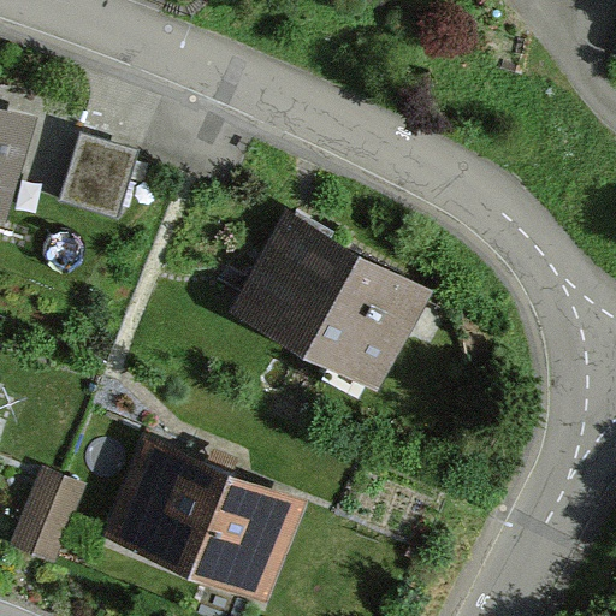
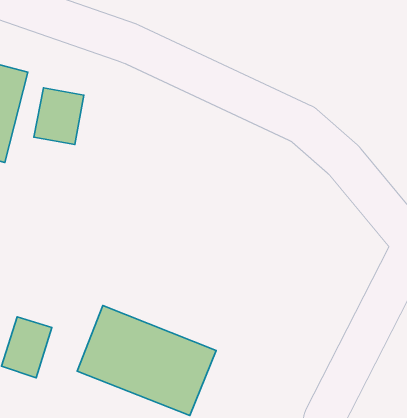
building: [245,217,448,395] -> none

